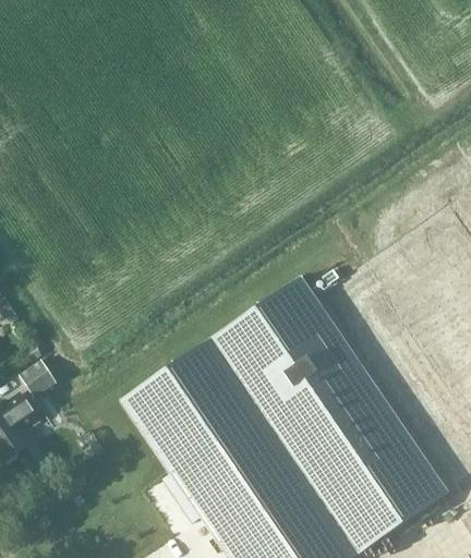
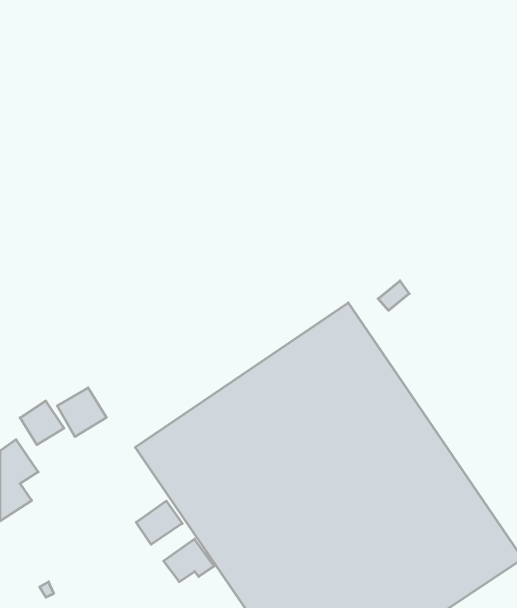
building: none -> [57,388,106,437]
building: none -> [136,501,182,544]

